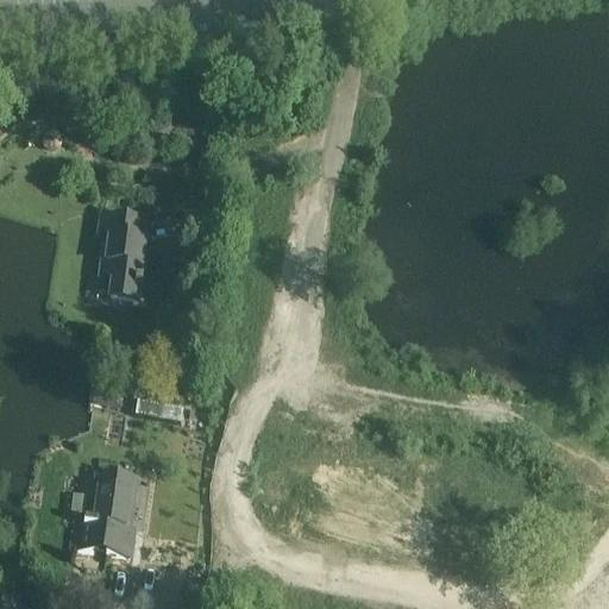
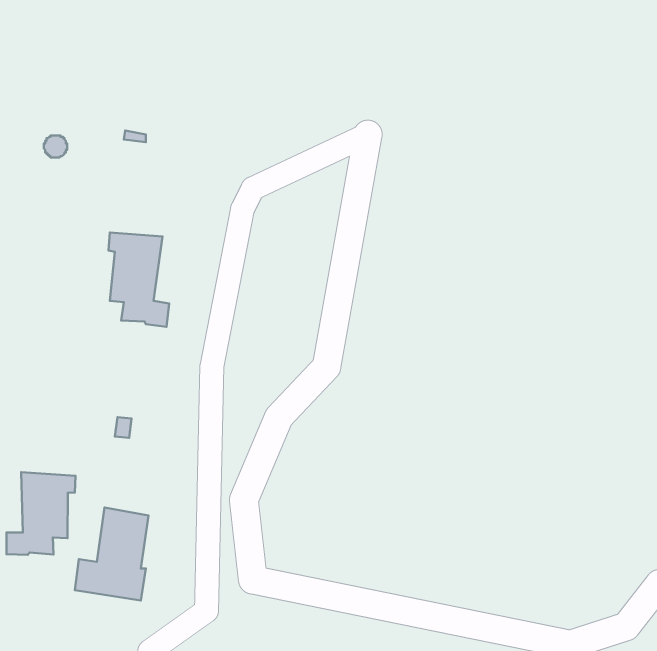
building: none -> [7,472,76,555]

